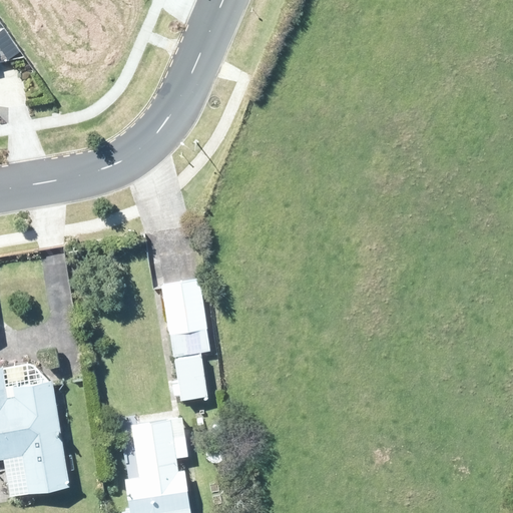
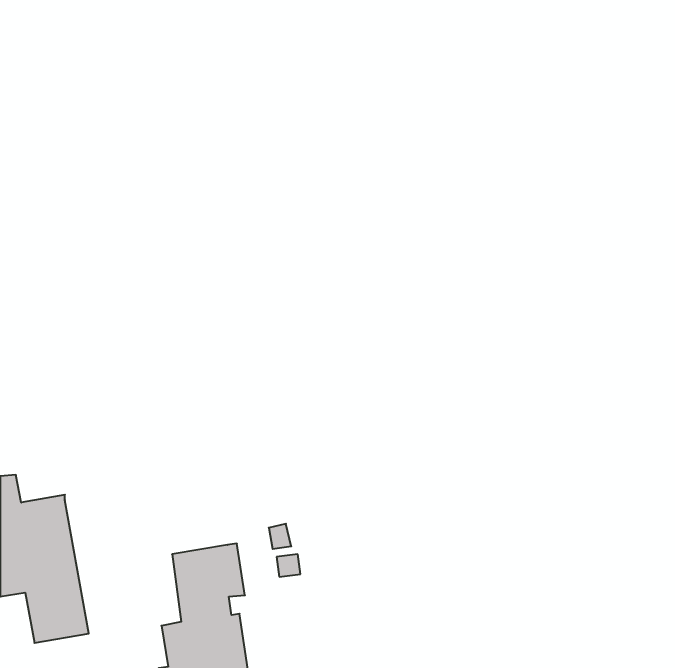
building: [160,282,210,401] -> none

